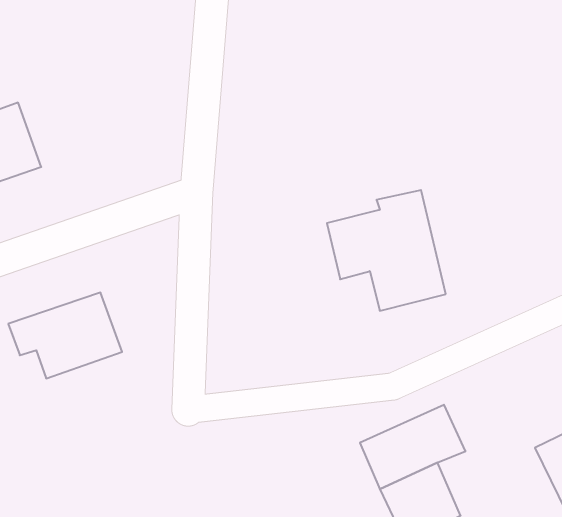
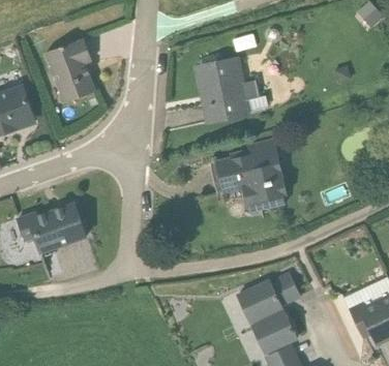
building: none -> [43,36,95,102]
building: none -> [193,56,259,125]

